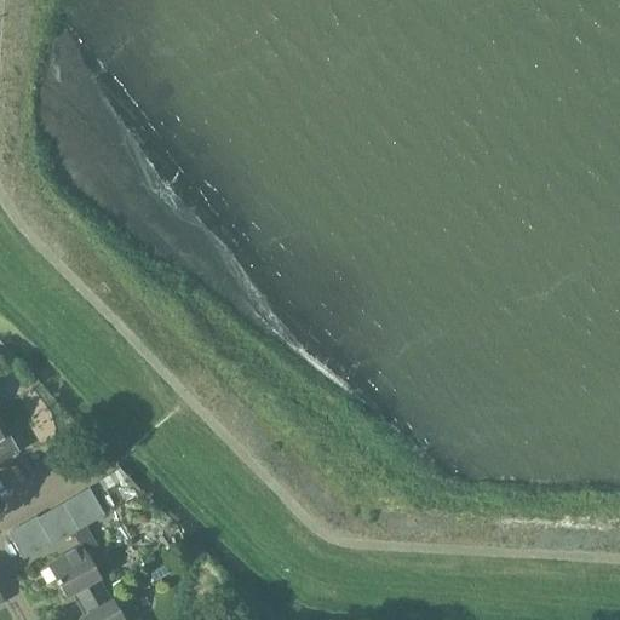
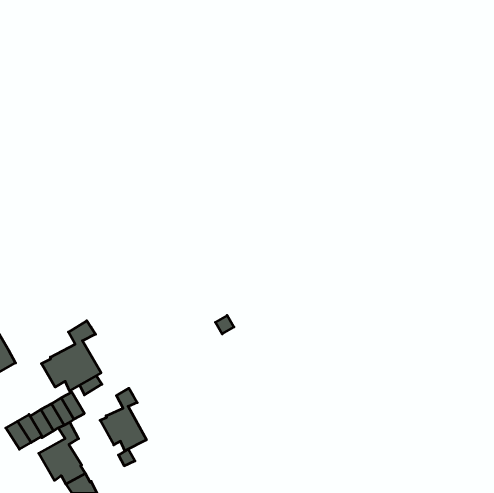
building: none -> [41,321,101,391]
building: none -> [100,388,146,451]

